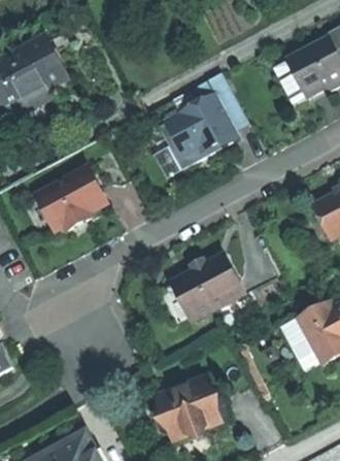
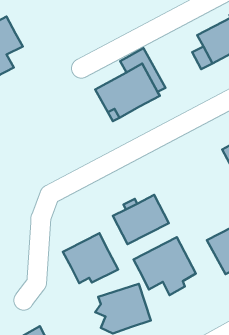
building: [40,163,105,227] -> none
building: none -> [63,233,118,283]
building: none -> [134,237,196,295]

